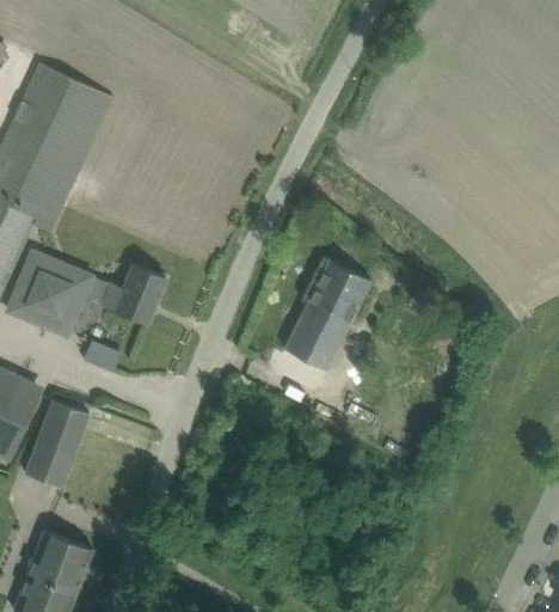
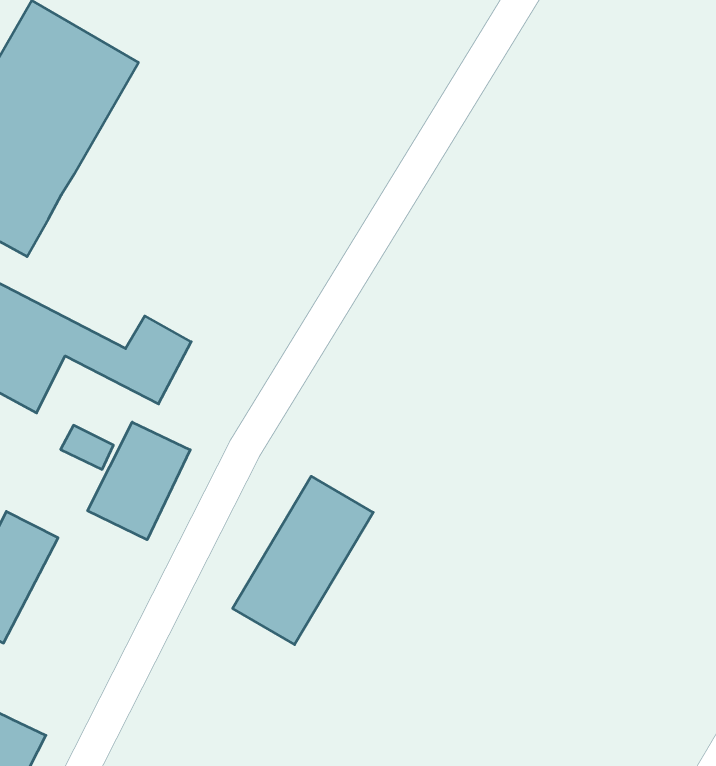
building: [284,258,371,371] -> [233,476,373,645]
building: none -> [88,422,190,540]

